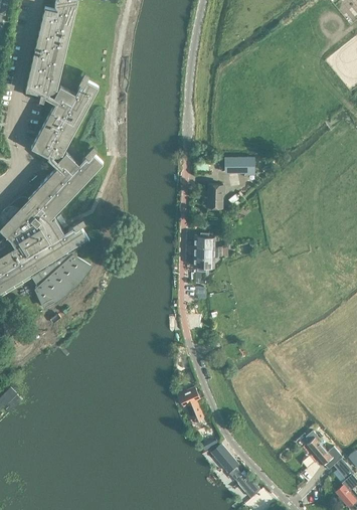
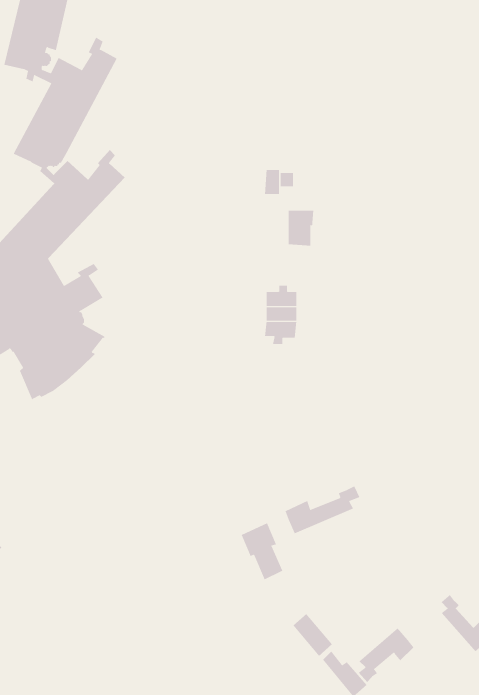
building: [224,155,255,173] -> none
building: none -> [285,486,360,534]
building: none -> [358,627,414,683]

